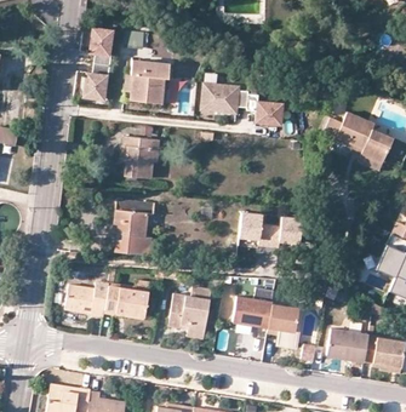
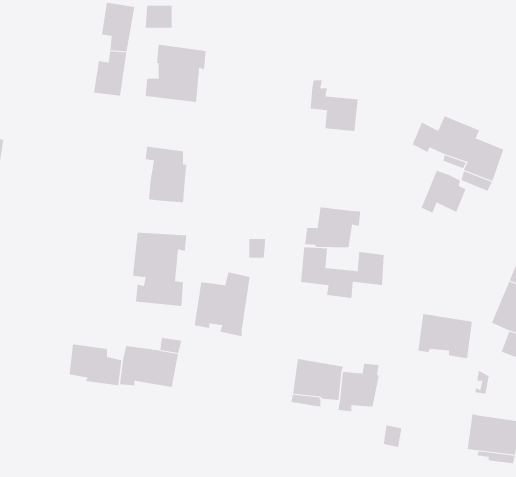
building: [200,84,247,111] -> none
building: none -> [421,170,466,213]
building: none -> [304,206,361,248]
building: [167,286,210,334] -> [194,272,250,337]
building: [326,328,367,362] -> [418,314,473,359]

